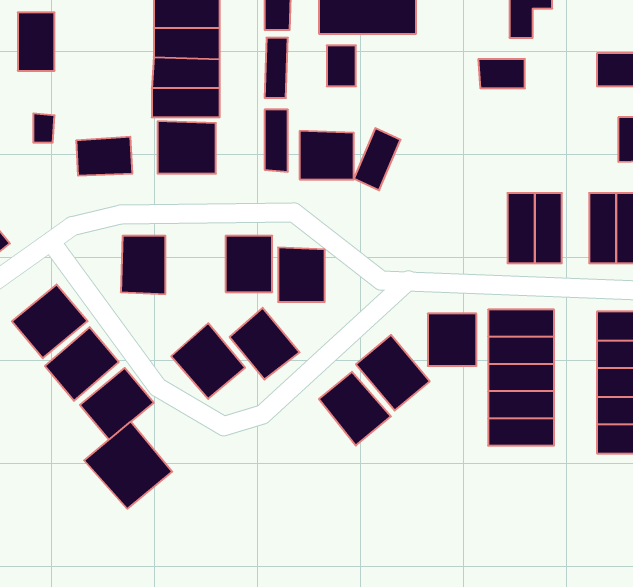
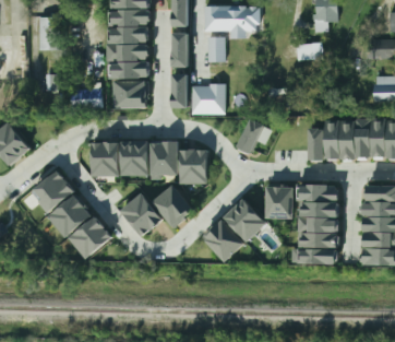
building: [354,128,401,190] -> [239,119,265,154]
building: none -> [340,119,356,158]
building: none -> [121,141,148,176]
building: [84,422,172,509] -> none

